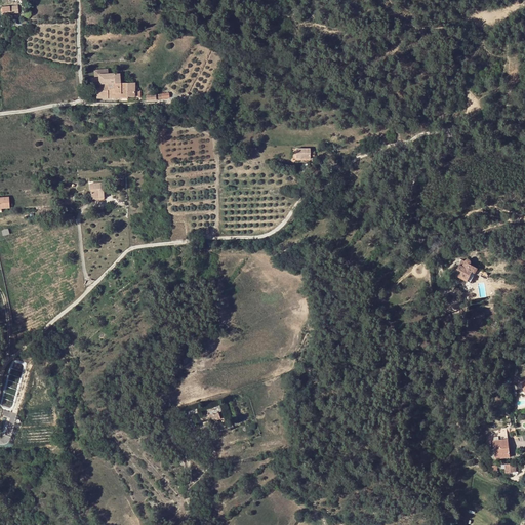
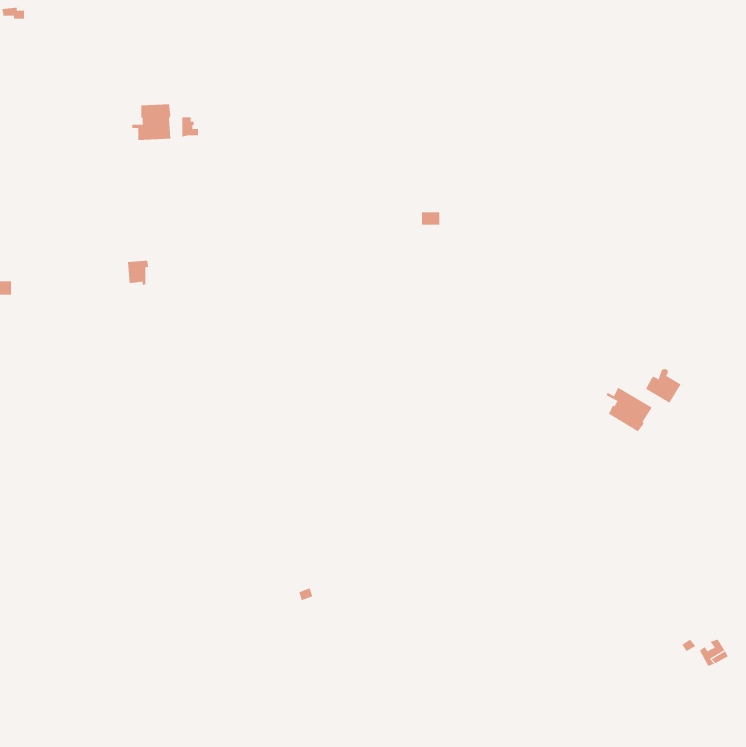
building: none -> [606,387,653,432]

